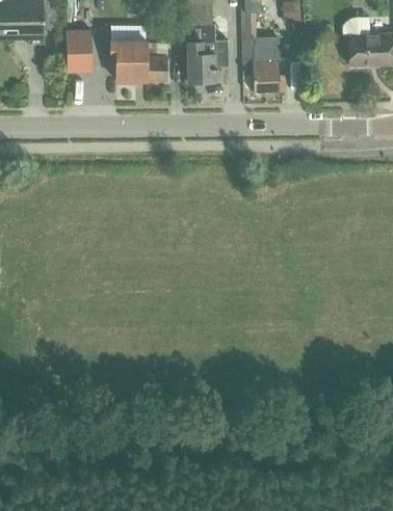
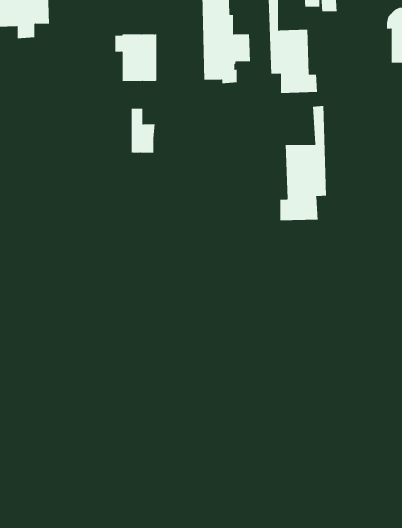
building: [67,30,93,73] -> none
building: [148,43,168,81] -> [131,108,155,153]
building: none -> [280,105,327,221]

